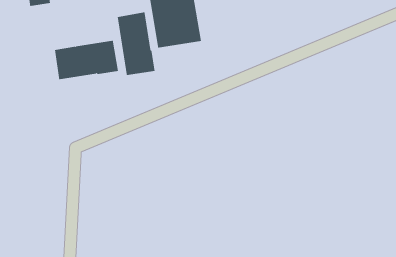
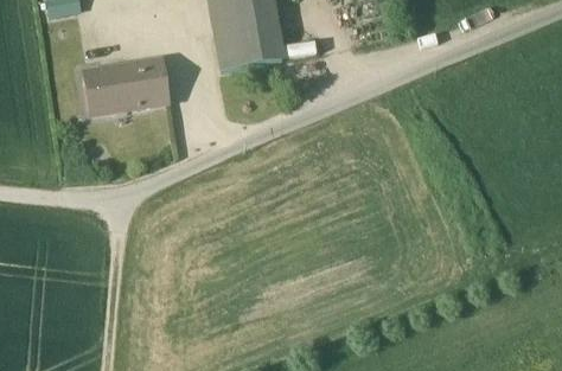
building: [117,12,155,76] -> none

